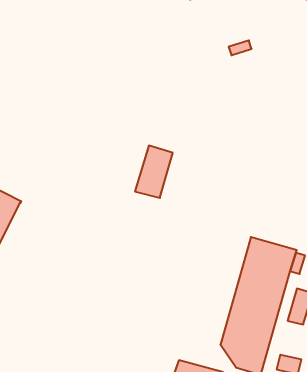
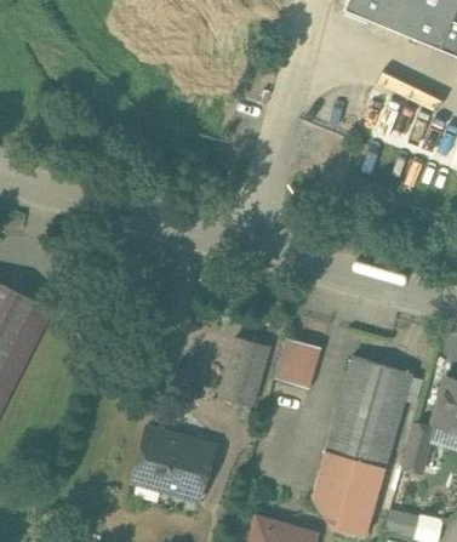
building: [135,146,173,198] -> [218,336,268,405]
building: none -> [274,337,321,389]
building: none -> [132,428,213,498]

